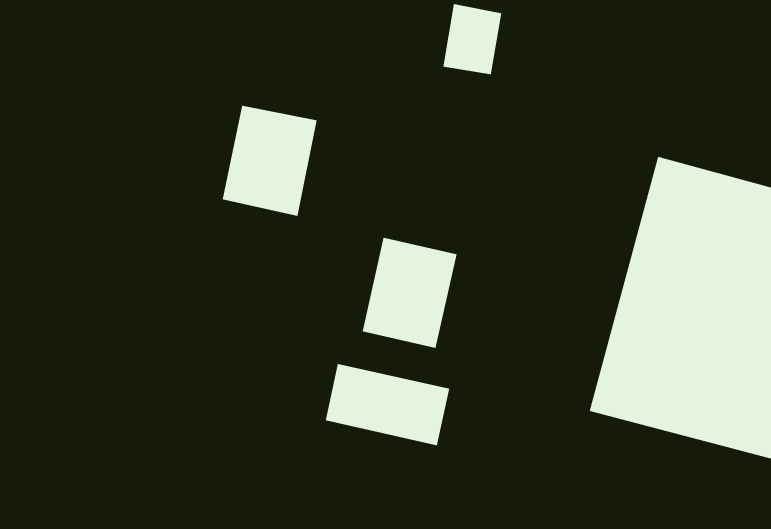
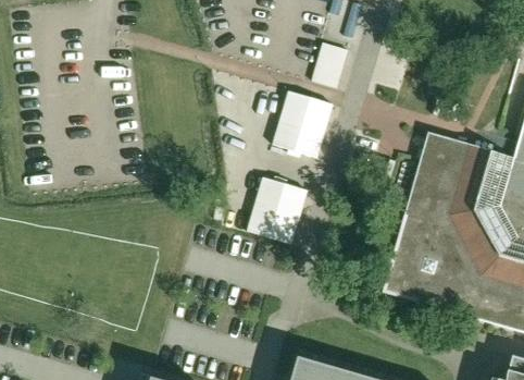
building: [222,105,318,216] -> [273,90,334,160]
building: [325,363,450,446] -> none

